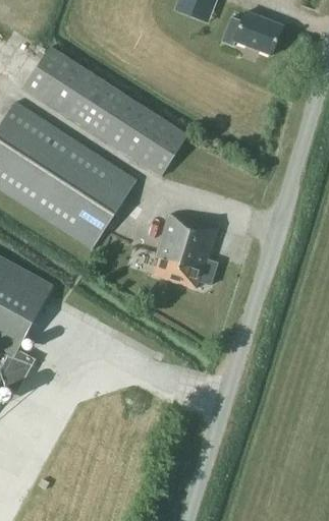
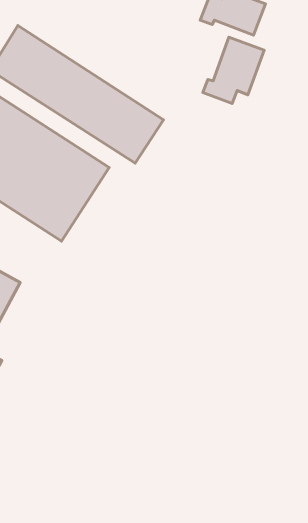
building: none -> [203,37,264,104]
building: [153,213,217,287] -> none

